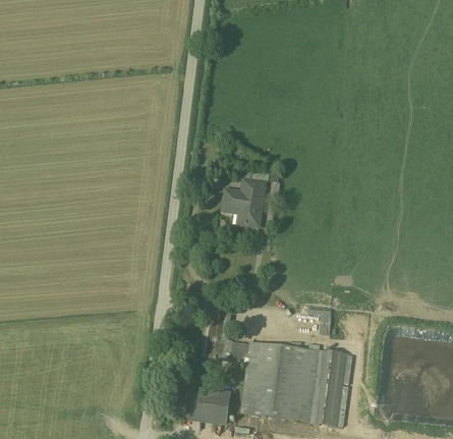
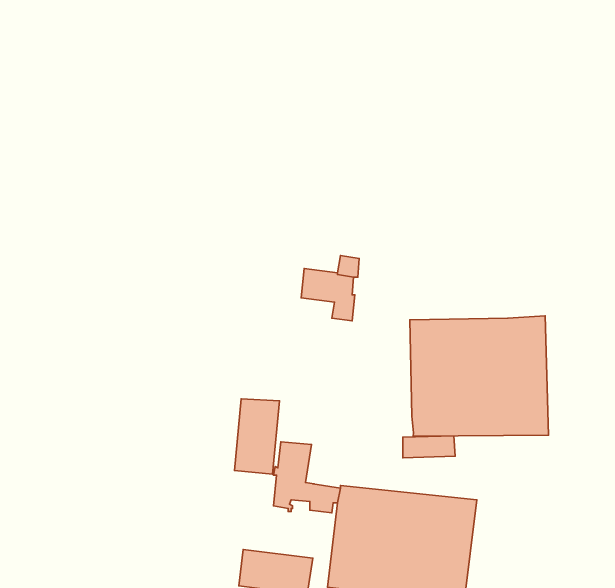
building: none -> [410,316,549,436]
building: none -> [235,399,280,474]

